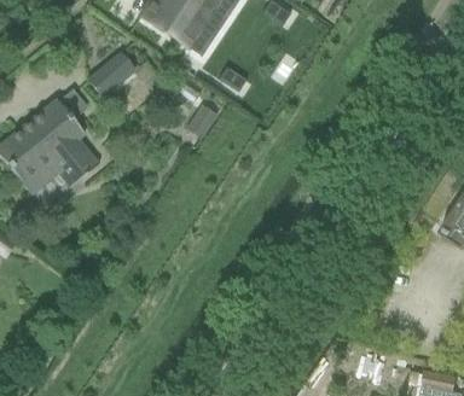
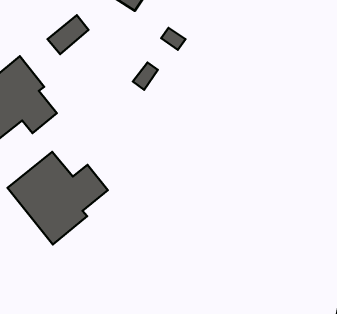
building: none -> [8,152,108,245]

